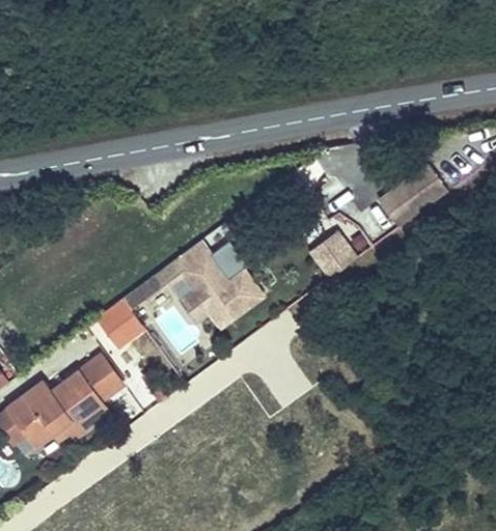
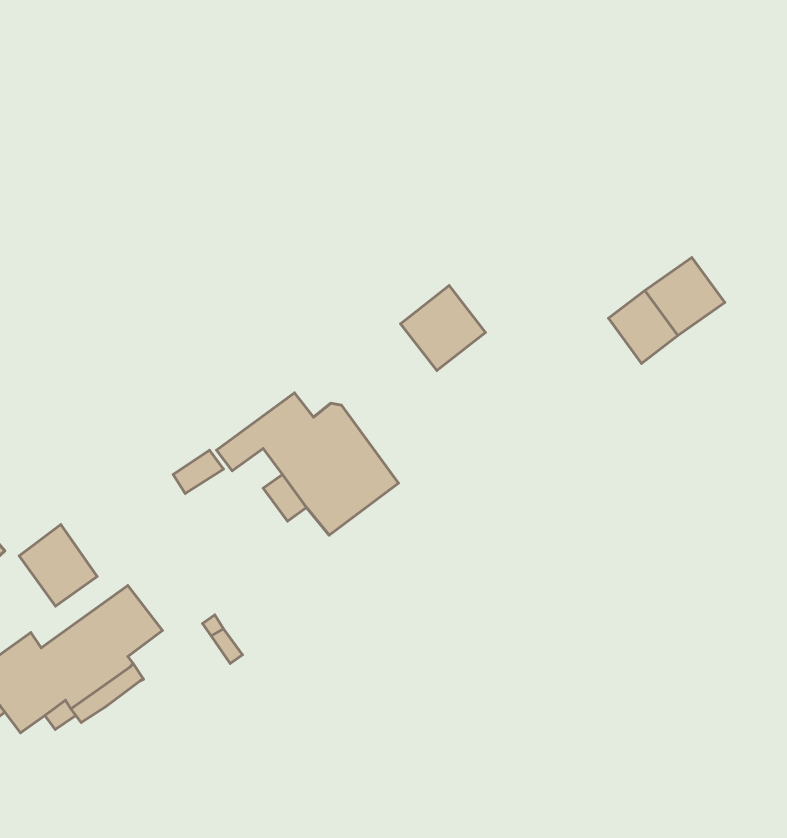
building: [305,227,356,278] -> [401,286,486,371]
building: [99,298,145,346] -> [19,525,97,606]

